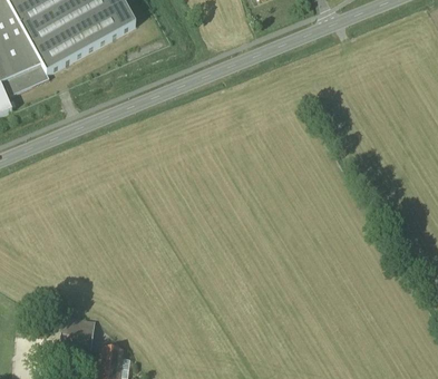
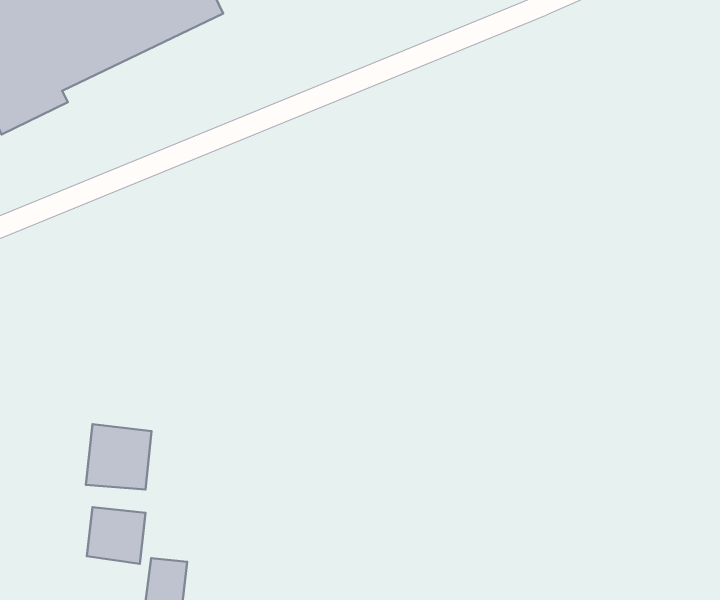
building: none -> [86,424,152,489]

